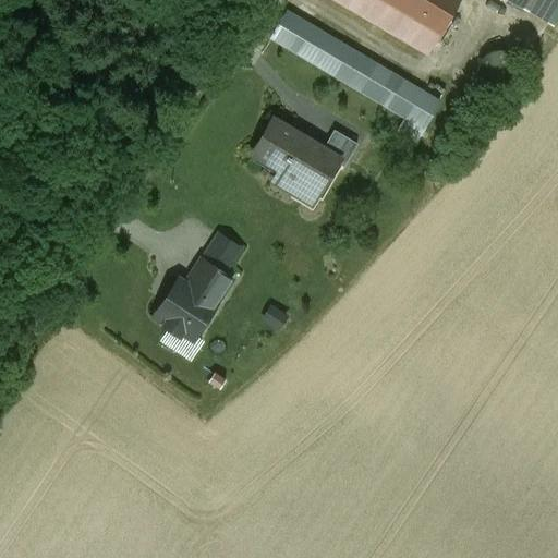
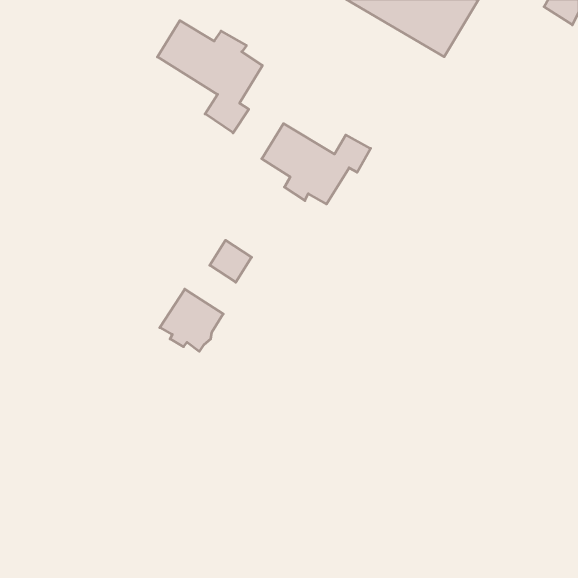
building: [270,11,440,130] -> none
building: none -> [157,21,262,133]
building: [185,254,238,302] -> none

